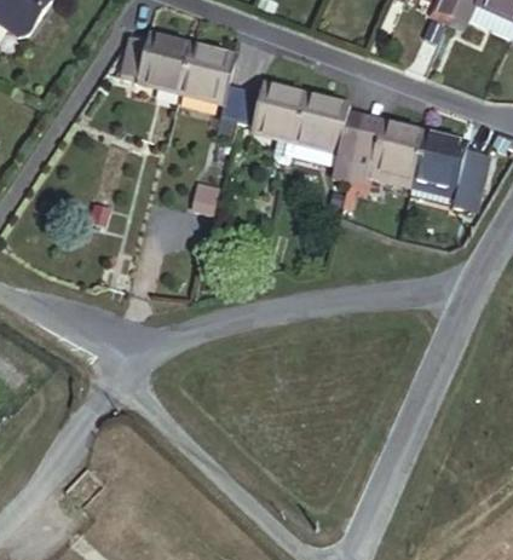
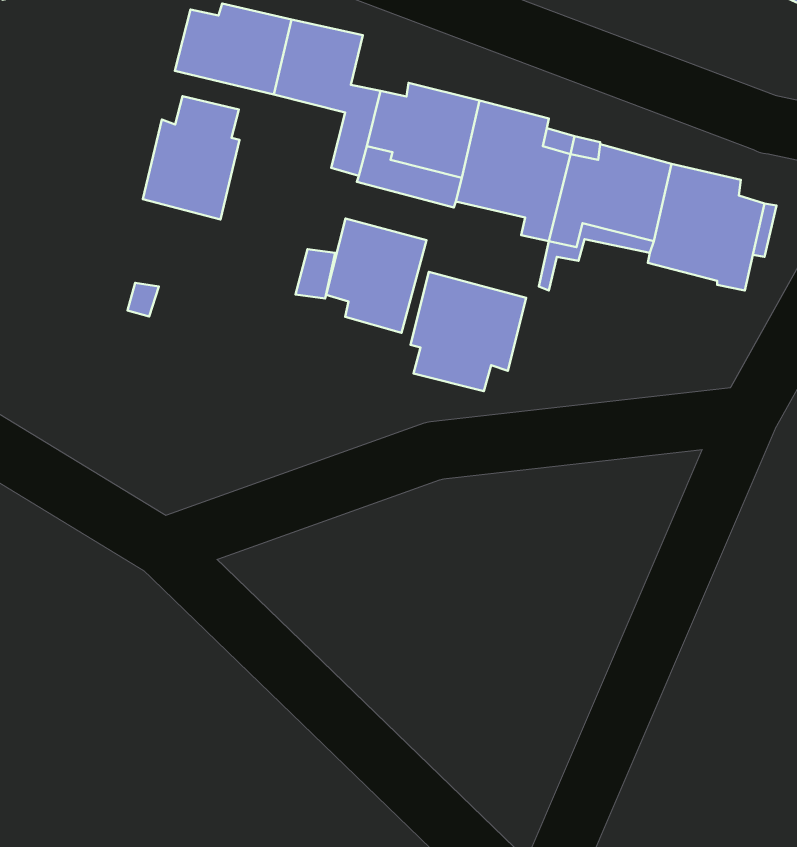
building: none -> [143,96,239,219]
building: none -> [326,218,426,333]
building: none -> [411,272,526,391]

